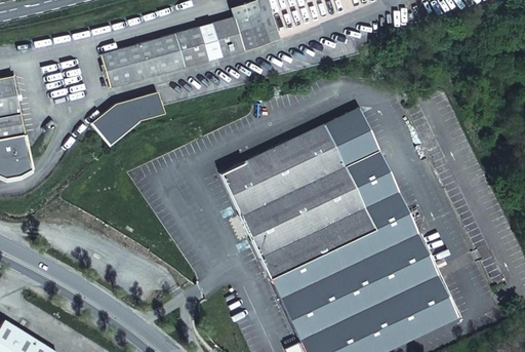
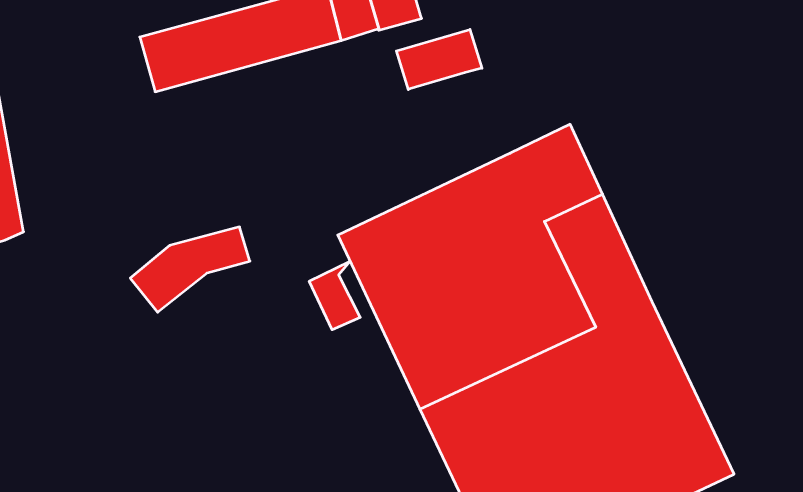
building: none -> [396,29,482,90]
building: [91,91,163,143] -> [130,227,250,312]
building: none -> [309,261,360,330]

